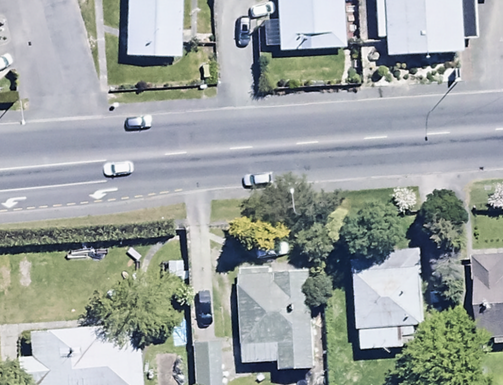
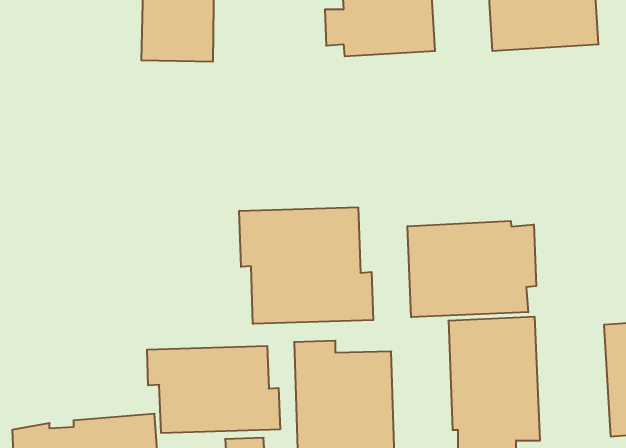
building: none -> [239,207,373,324]
building: none -> [408,221,536,317]
building: none -> [147,346,280,433]

